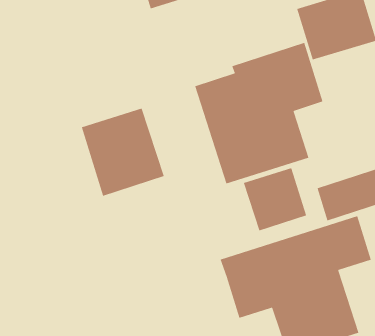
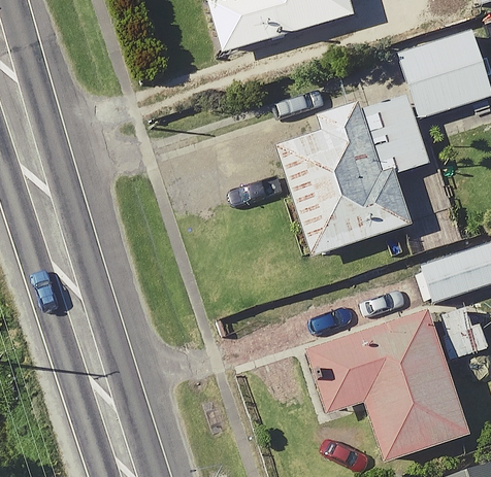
building: [81,108,165,197] -> none
building: [243,167,307,232] -> none

